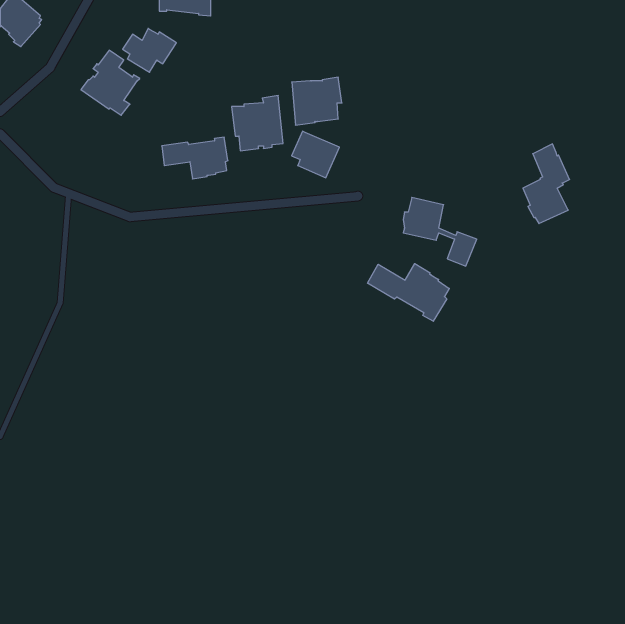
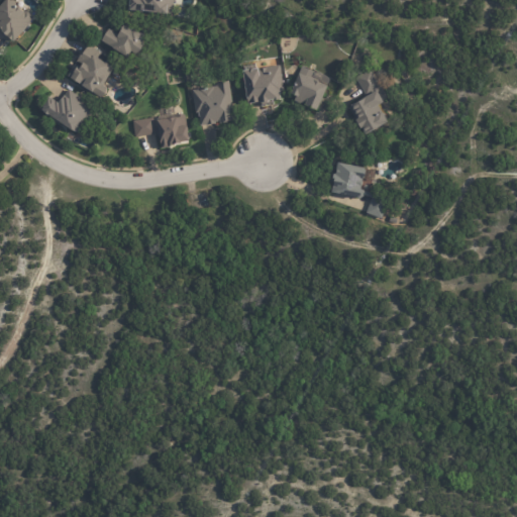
building: none -> [38,87,96,131]
building: [292,131,339,178] -> [287,72,326,110]
building: [523,144,570,224] -> [349,68,388,133]
building: [368,264,449,321] -> none

